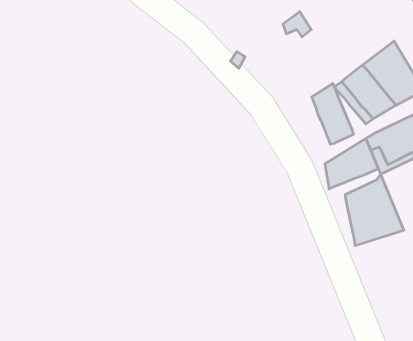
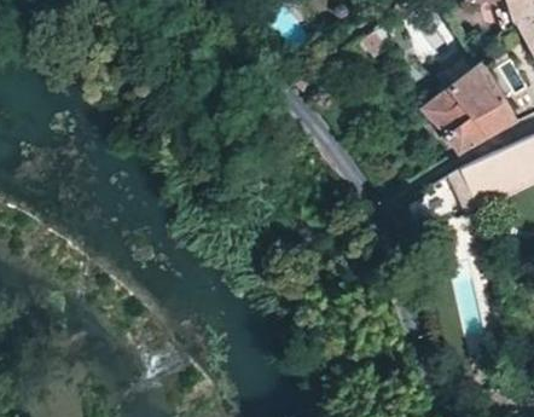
building: [312,83,353,144] -> none
building: [345,174,404,246] -> none

